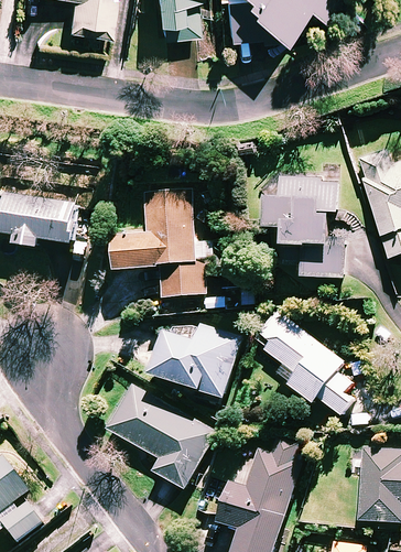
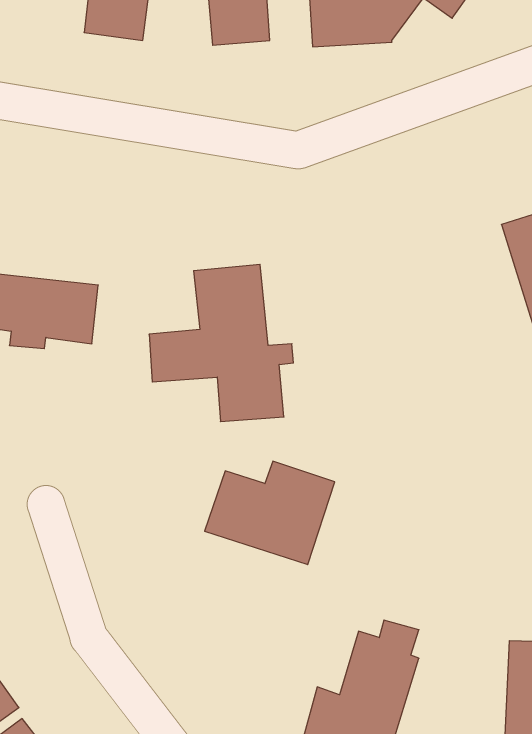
building: [261,175,344,277] -> none
building: [252,312,350,413] -> none
building: [106,385,215,487] -> none

